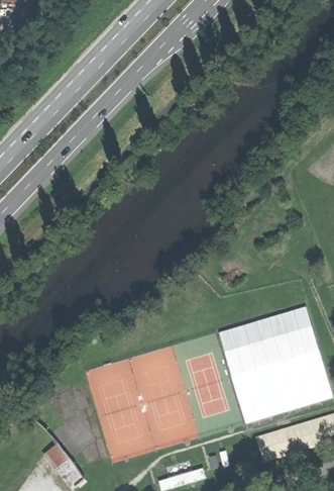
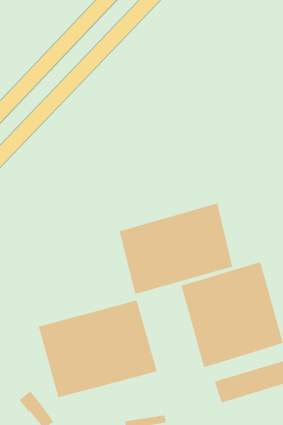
building: none -> [119,203,233,295]
building: none -> [38,300,158,398]

